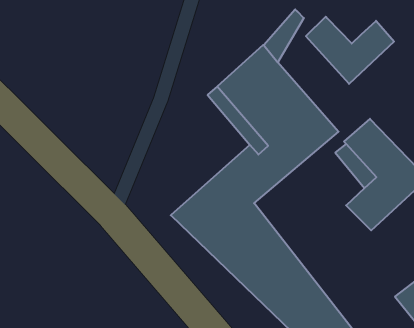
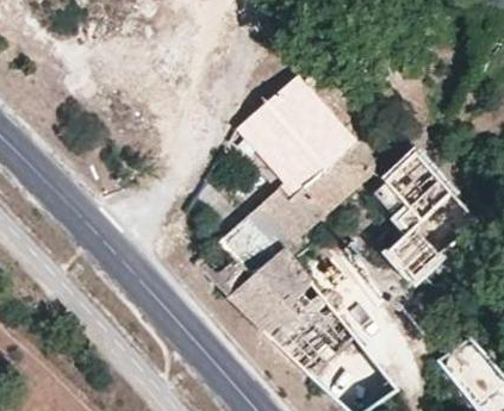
building: [306,17,394,84] -> none

